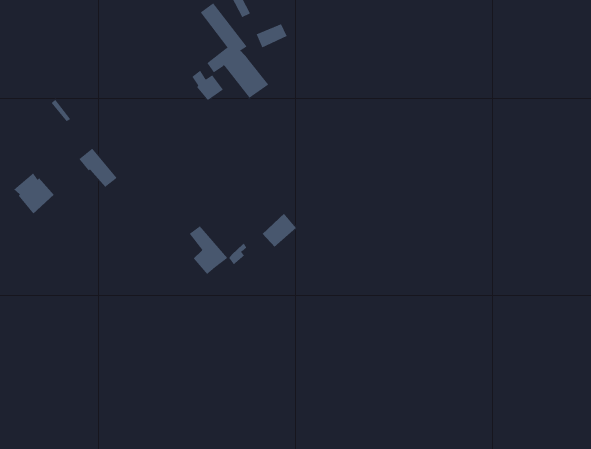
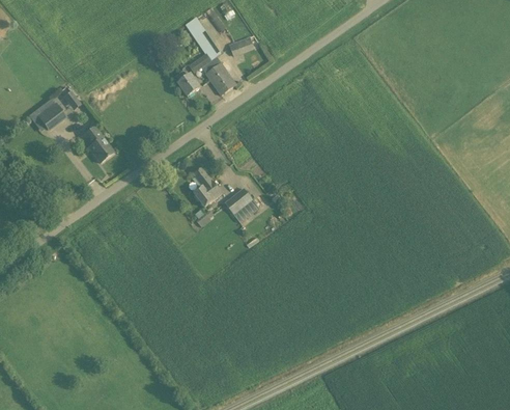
building: [14,173,54,214] -> [33,99,65,132]
building: [189,225,228,275] -> [192,167,222,207]

